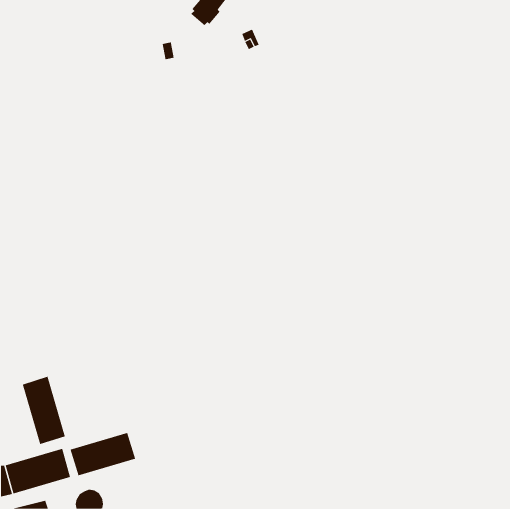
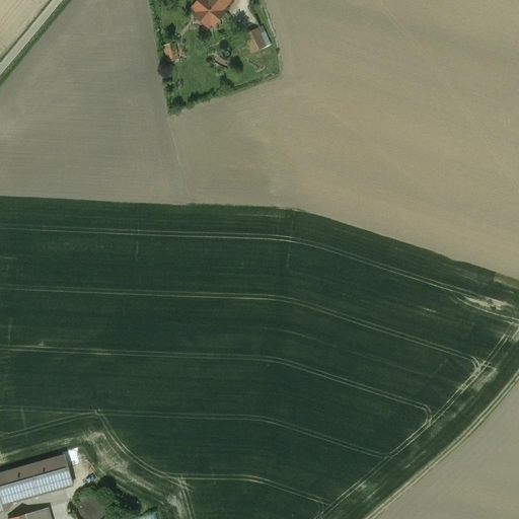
building: [22,376,66,445] -> none
building: [70,432,136,476] -> none

